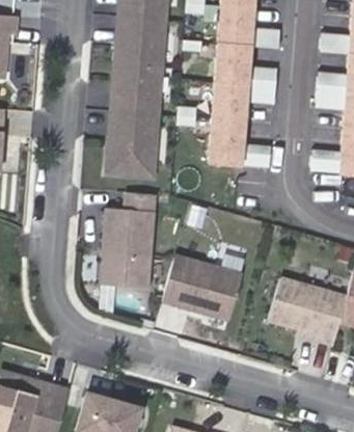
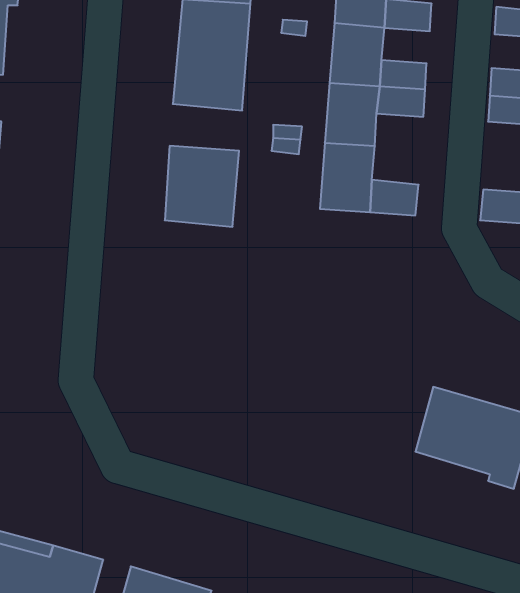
building: [112,97,159,127] -> none
building: [100,192,160,290] -> none
building: [163,255,242,320] -> none

